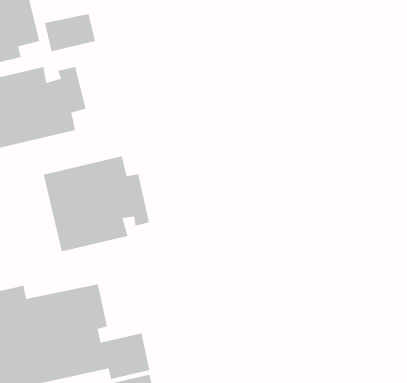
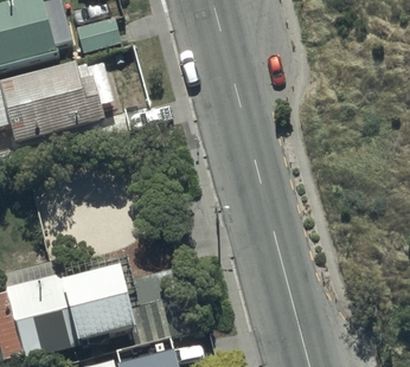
building: [43,156,150,252] -> none

